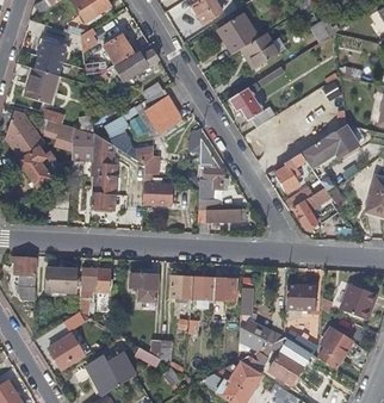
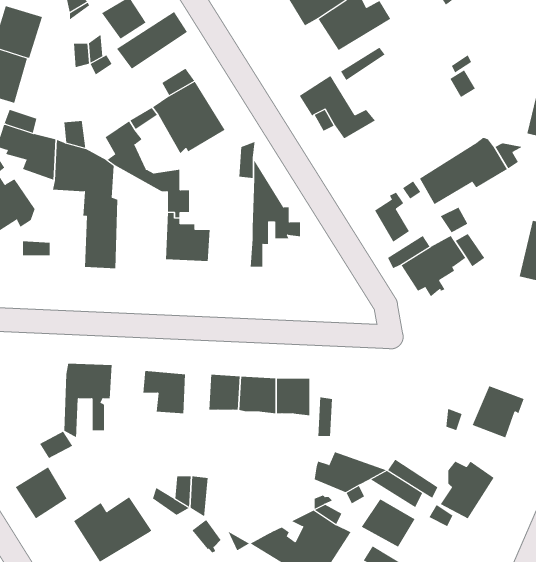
building: [196,207,244,231] -> none
building: [44,267,76,292] -> none
building: [285,285,315,310] -> none

